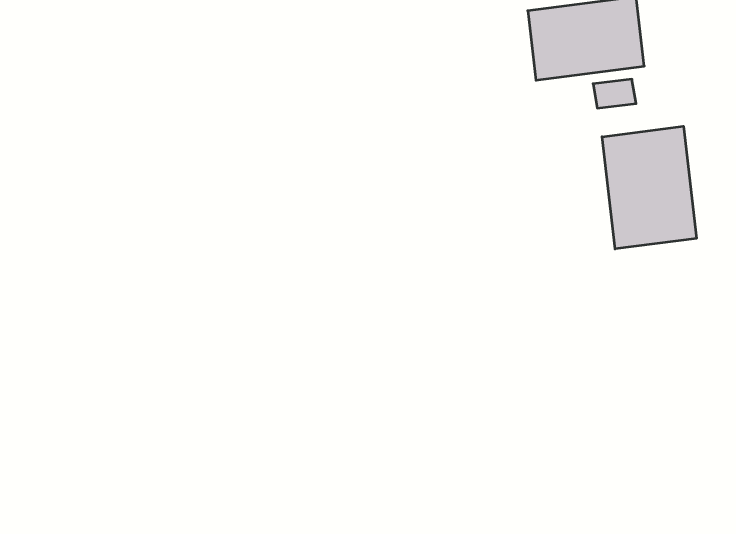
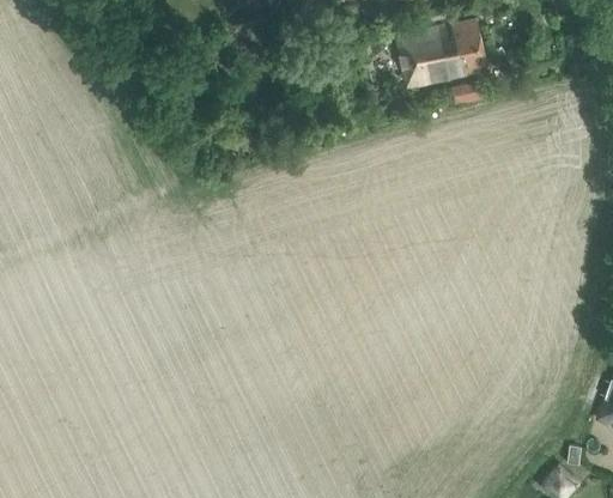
building: [602,126,696,249] -> none

